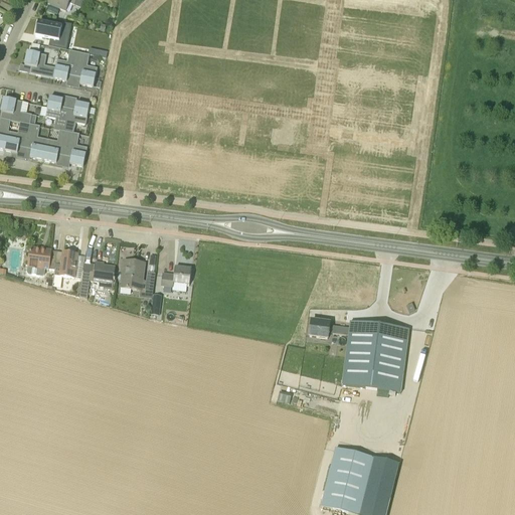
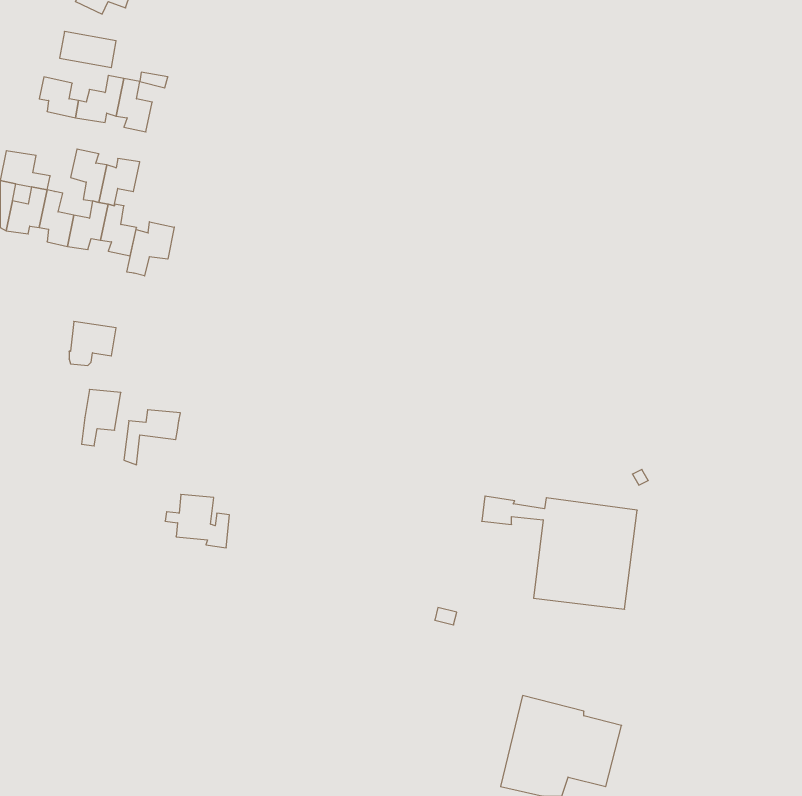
building: none -> [127,222,174,276]
building: [27,245,57,274] -> [69,321,116,365]
building: [114,259,155,293] -> [165,494,229,548]
building: [161,265,191,290] -> none

